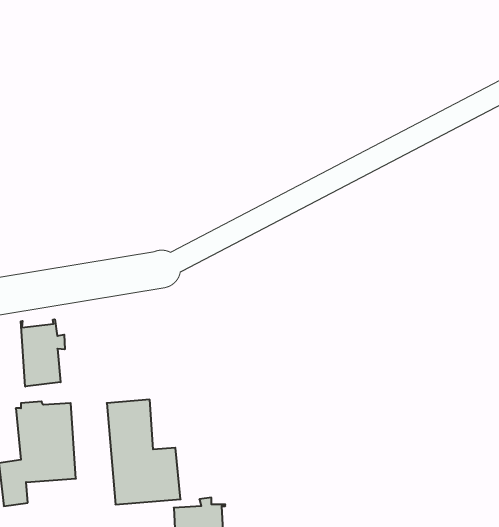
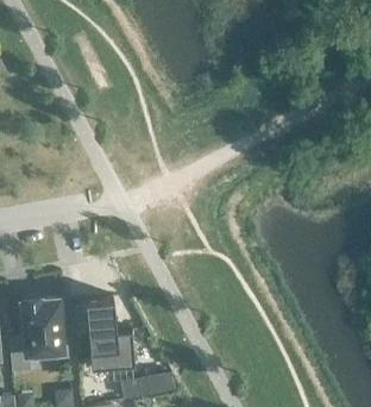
building: [21,319,65,387] -> none

